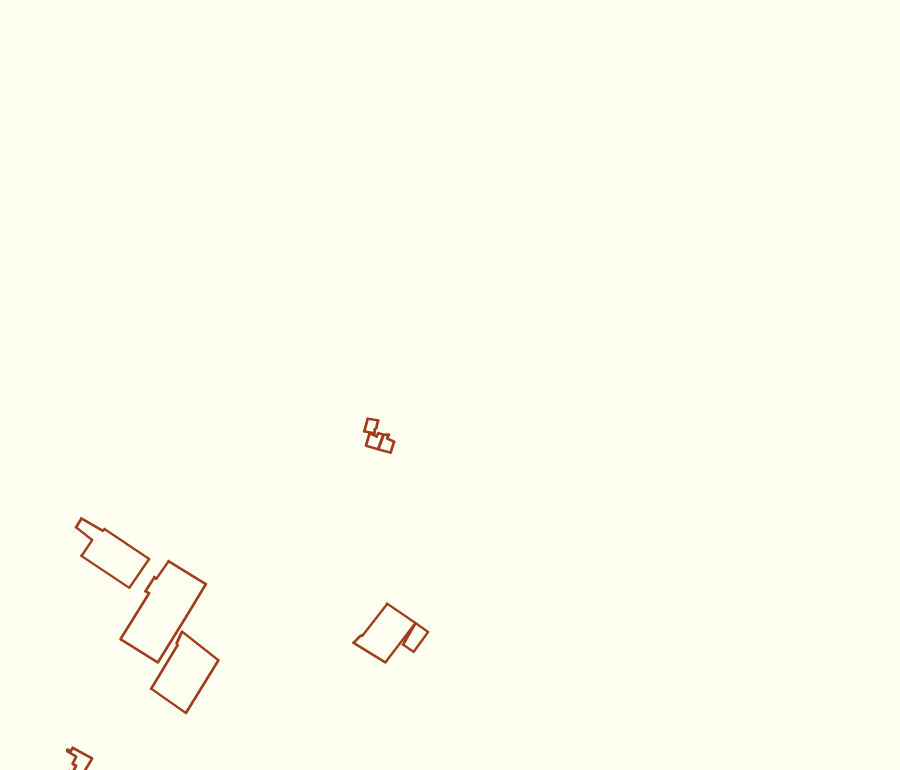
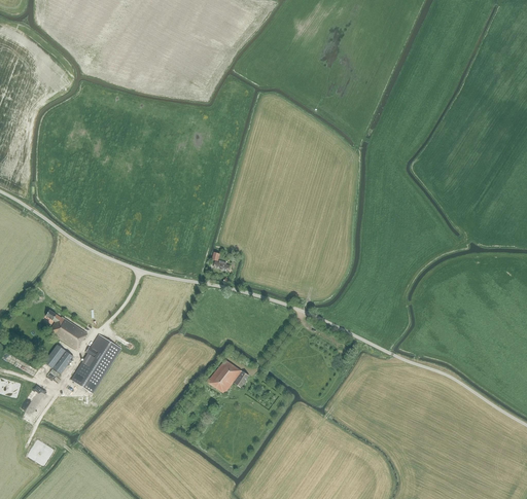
building: none -> [43,343,73,372]
building: [151,632,218,713] -> none

